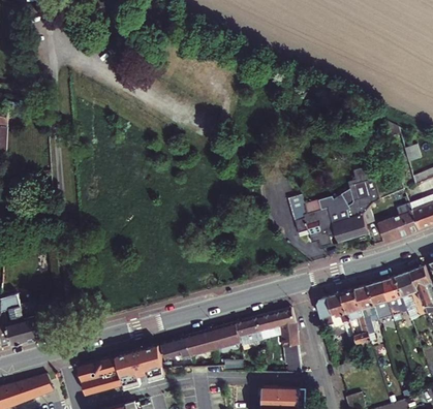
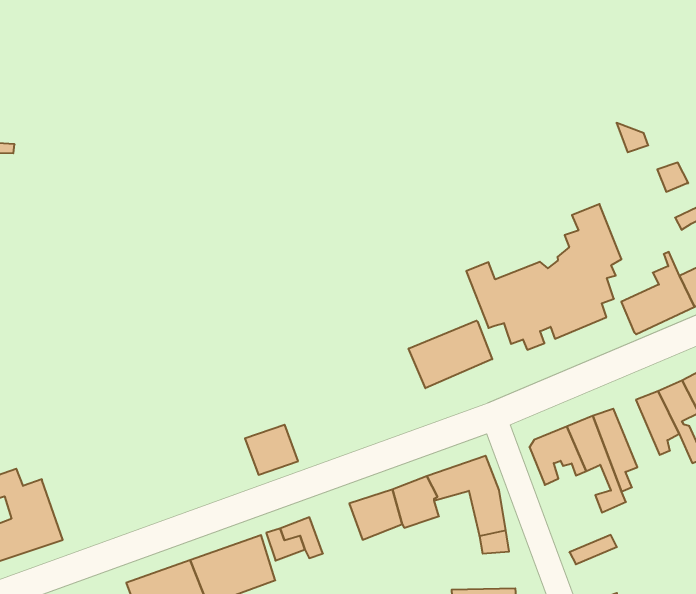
building: none -> [409,321,492,388]
building: [366,282,391,321] -> none
building: [184,329,214,357] -> [245,425,298,475]

